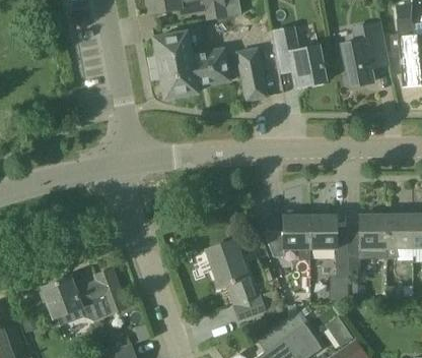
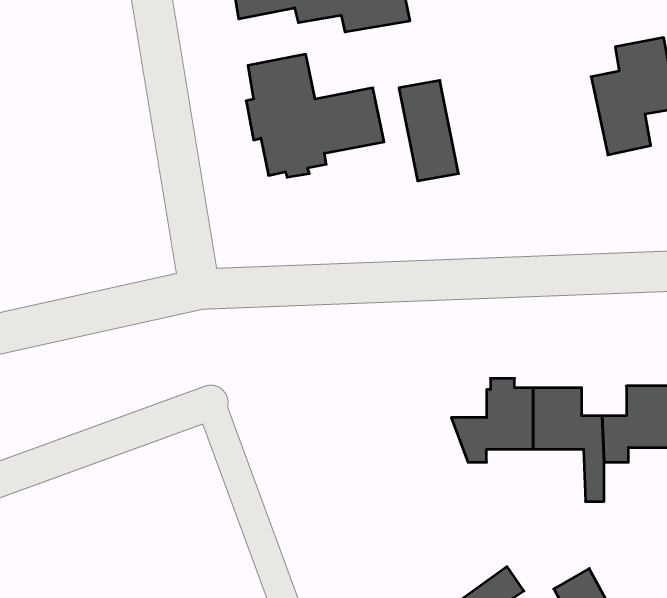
building: [271,27,326,86] -> none
building: [206,240,266,319] -> none
building: [42,270,126,324] -> none

